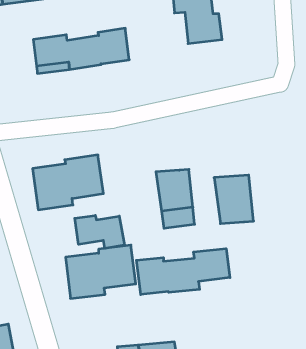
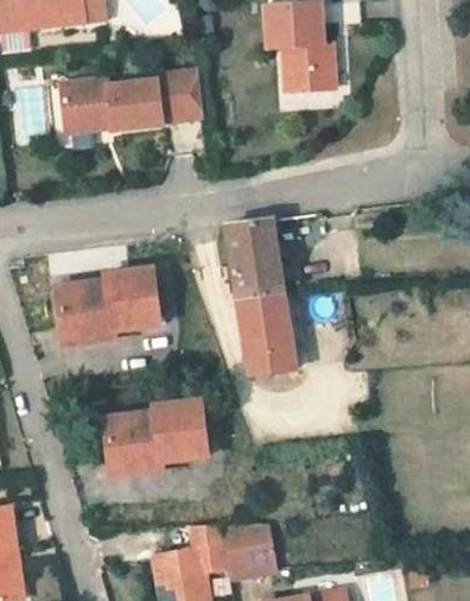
building: [214,175,254,224] -> [226,213,284,284]
building: [75,215,125,248] -> none
building: [136,249,230,295] -> none

